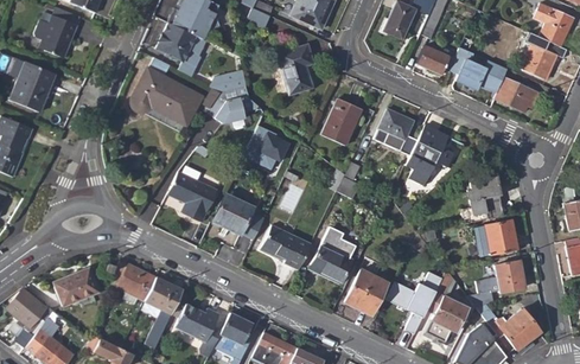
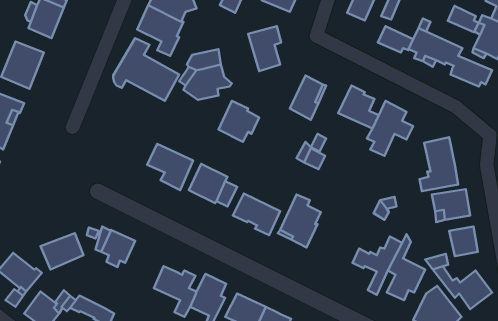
building: none -> [448,6,479,32]
building: [344,269,387,313] -> none
building: [144,277,180,347] -> none

